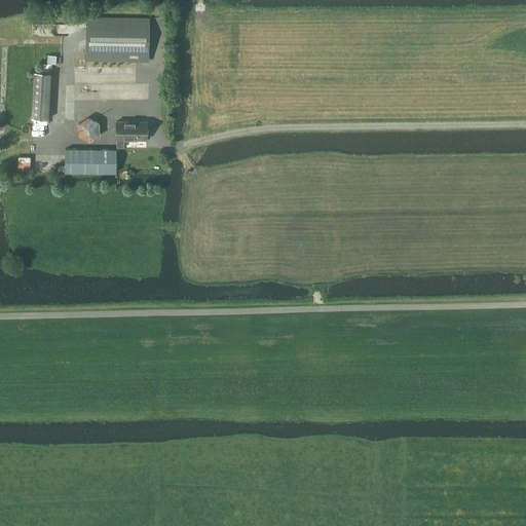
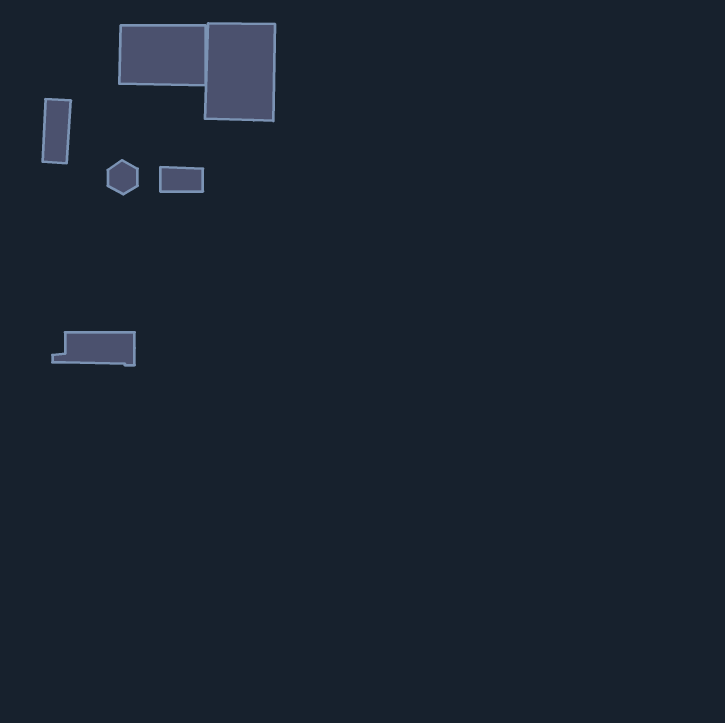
building: none -> [205,23,275,121]
building: [57,150,116,174] -> [52,332,135,365]

